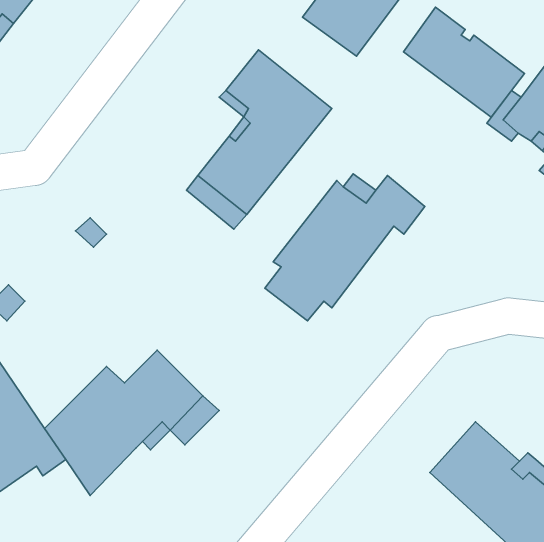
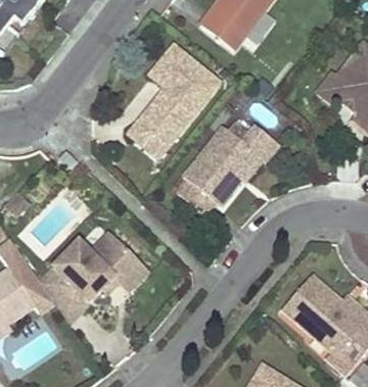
building: [404,7,525,117] -> none

